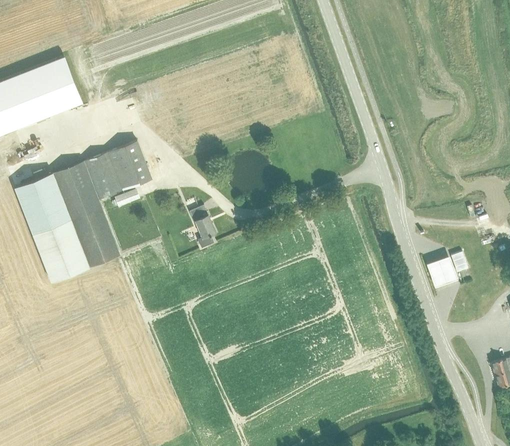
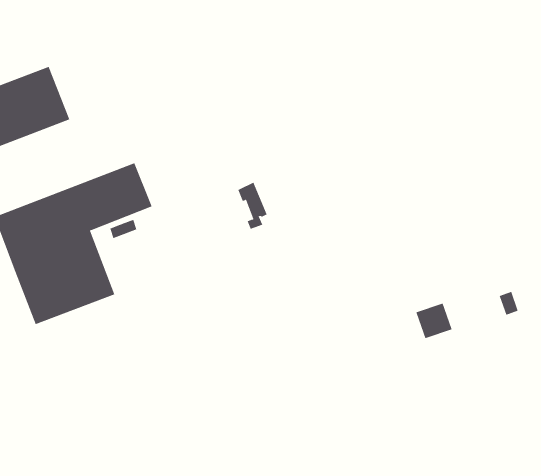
building: [189,205,215,246] -> [238,182,268,229]
building: [425,255,457,286] -> [415,303,452,339]

